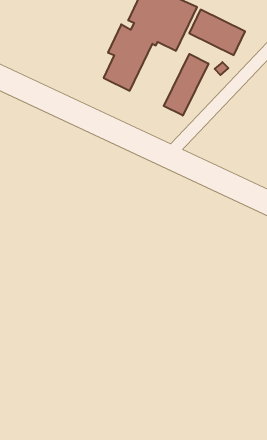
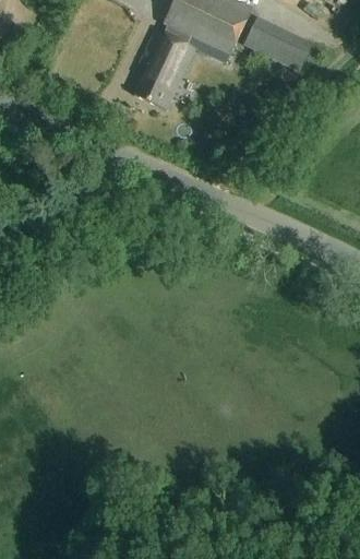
building: [164,54,208,116] -> none

